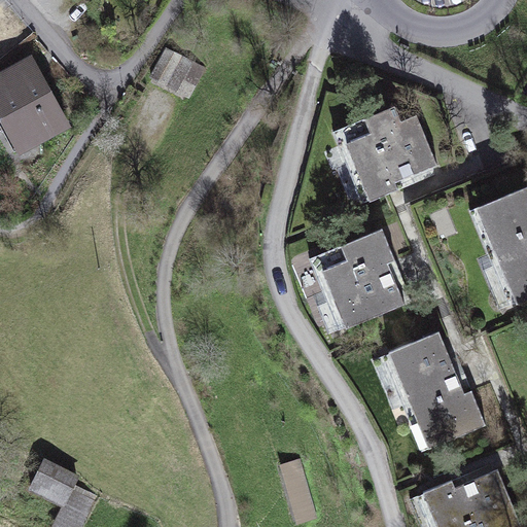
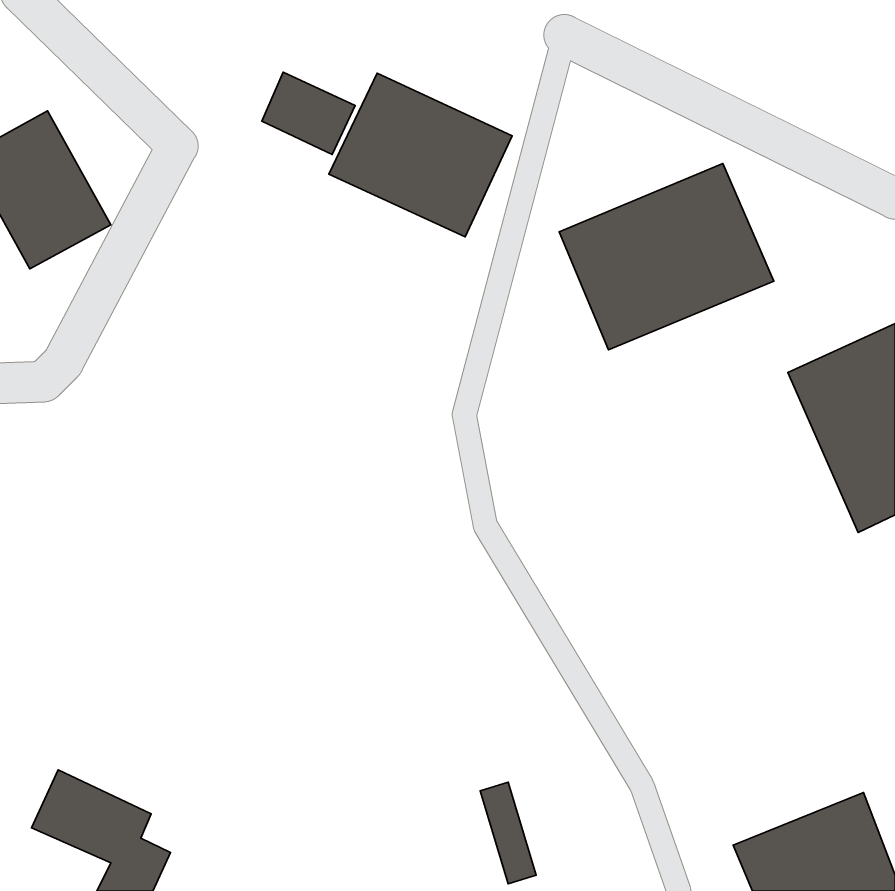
building: none -> [329,73,512,237]
building: [307,230,413,331] -> none
building: [384,330,485,451] -> none

